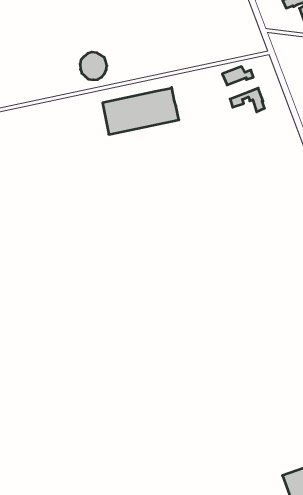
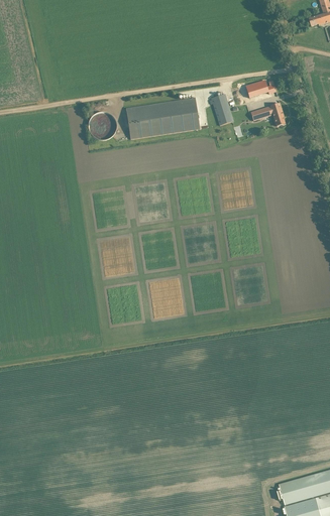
building: [80,52,107,80] -> [88,113,114,140]
building: none -> [210,94,233,126]

